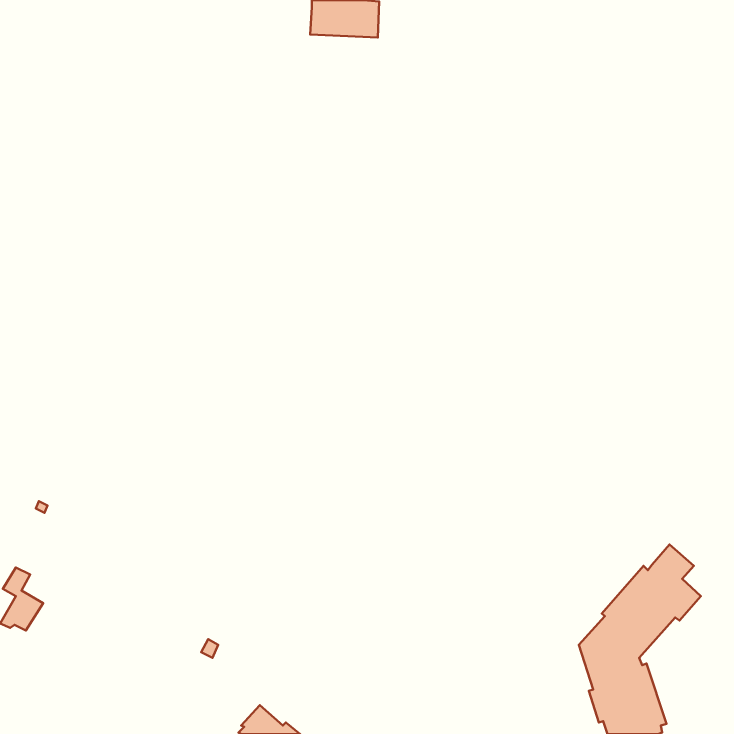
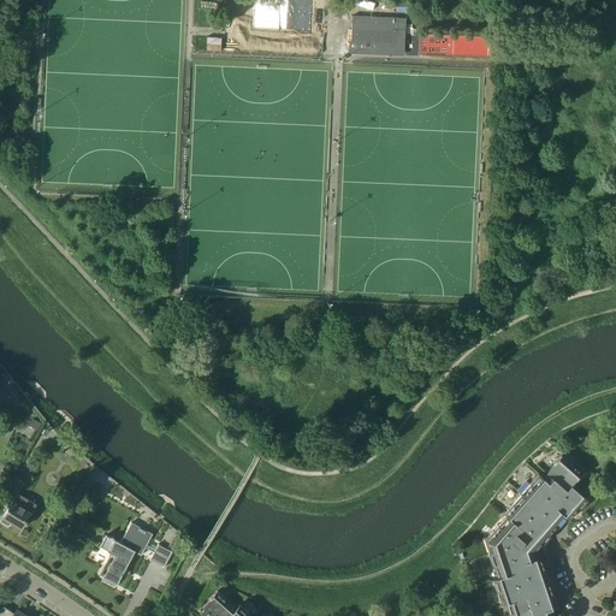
building: none -> [351,16,397,45]
building: none -> [100,522,172,585]

